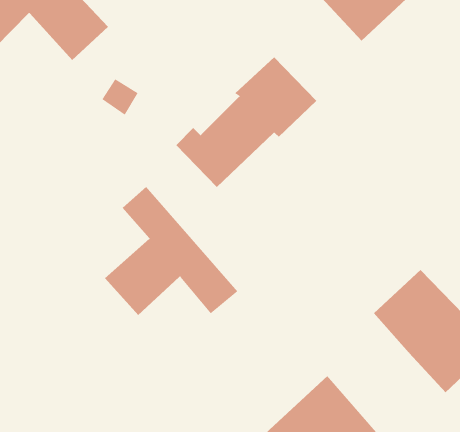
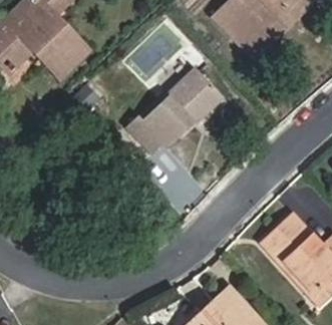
building: [104,186,238,316] -> none

